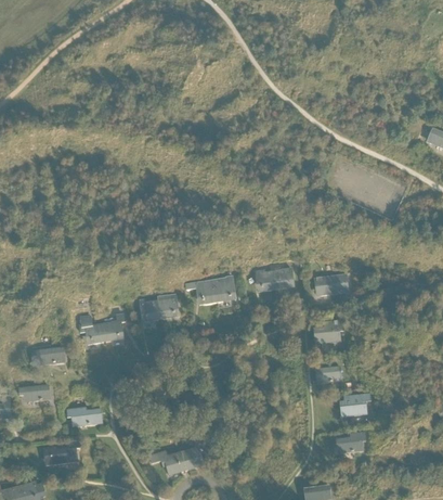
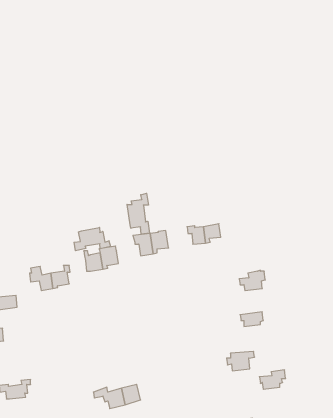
building: none -> [127,193,150,234]
building: none -> [74,227,111,251]
building: [314,274,348,296] -> none
building: [339,395,370,416] -> [227,351,255,371]
building: [66,408,101,426] -> none

